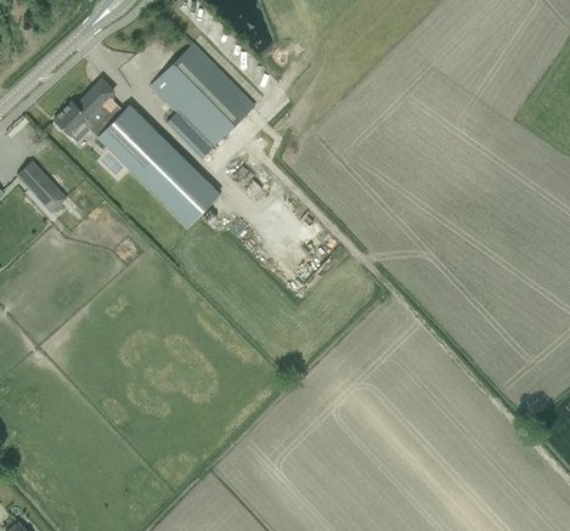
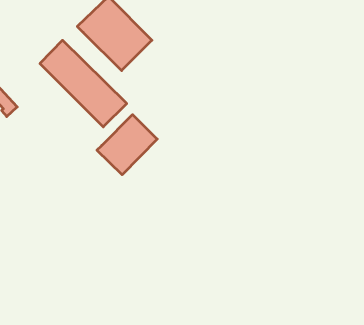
building: [55,80,114,136] -> none
building: none -> [97,115,157,175]

